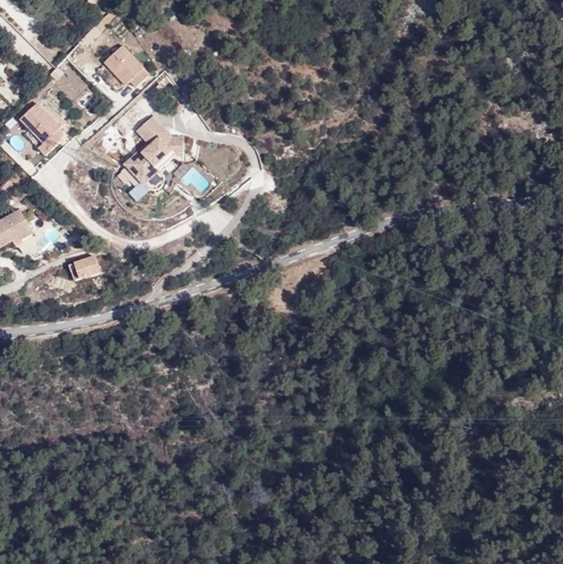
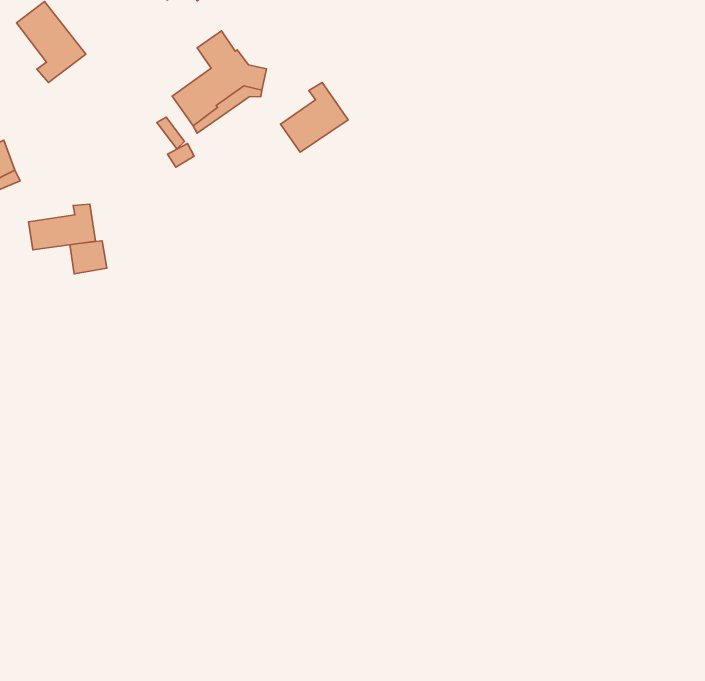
building: none -> [280,83,348,152]
building: none -> [29,204,95,250]

